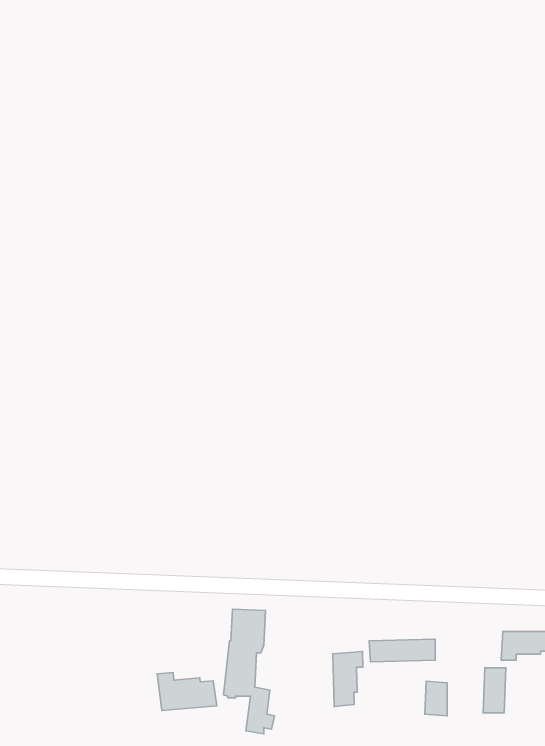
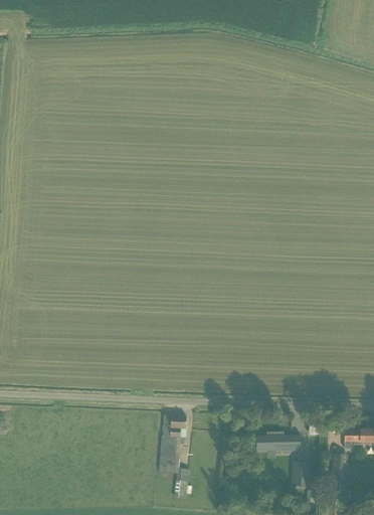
building: [333,652,363,707] -> none
building: [157,672,217,710] -> none

